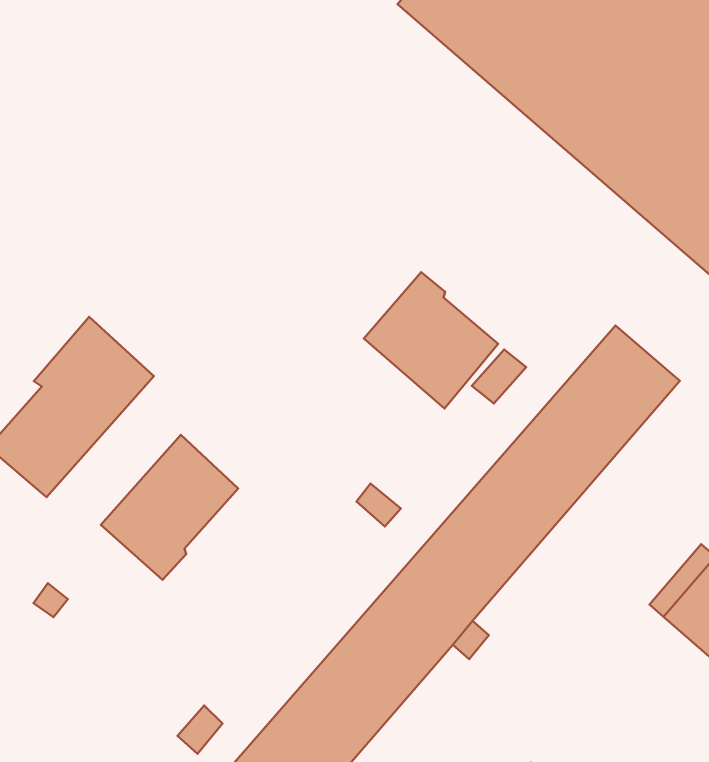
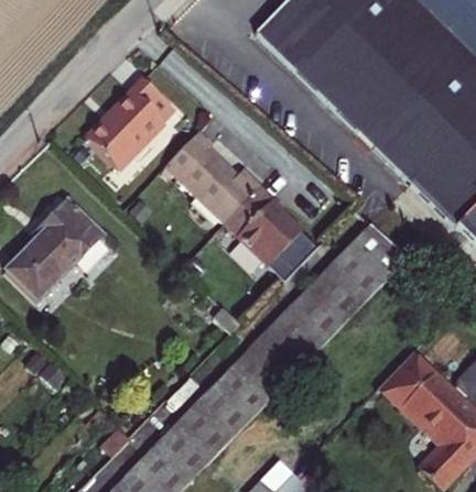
building: none -> [86,77,175,168]
building: none -> [166,131,261,222]
building: [101,435,238,580] -> none

